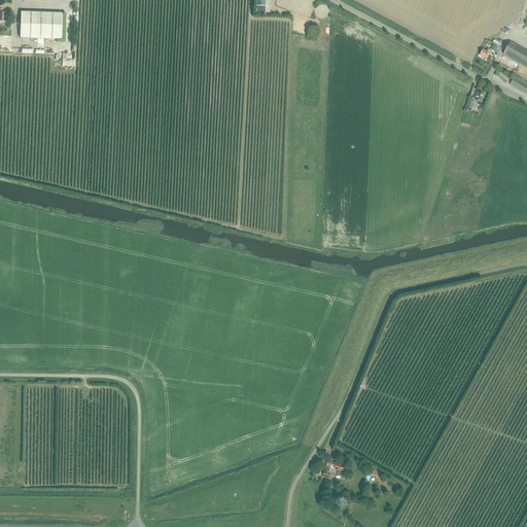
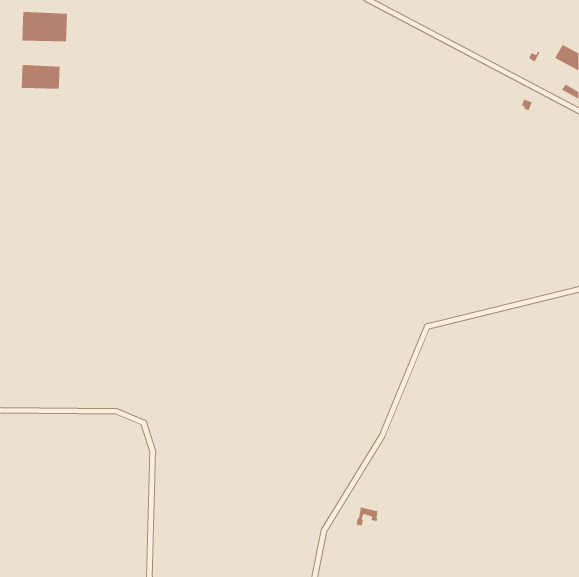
building: none -> [21,64,60,89]

